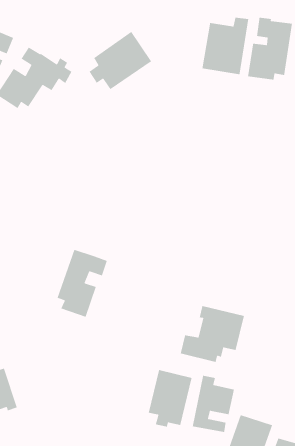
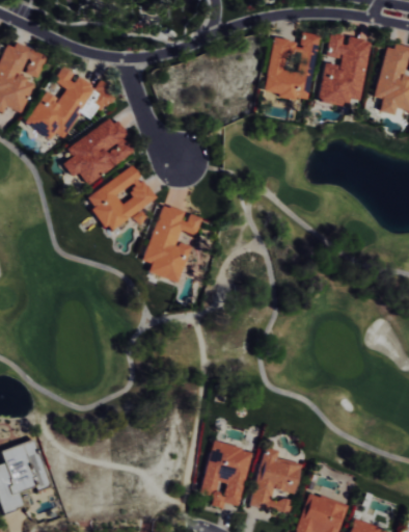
building: [89,31,152,90] -> [62,116,136,185]
building: none -> [87,165,156,232]
building: [57,249,108,318] -> [143,204,202,284]
building: [180,305,245,363] -> none

